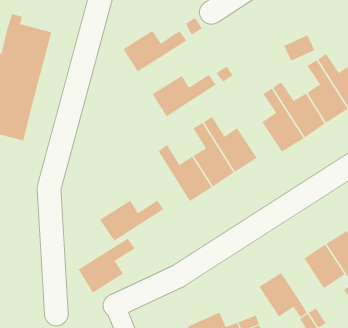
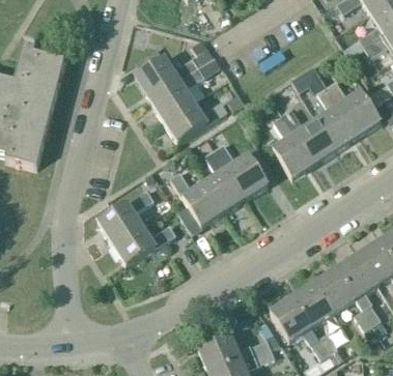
building: none -> [148,65,203,118]
building: [78,238,135,293] -> [96,187,153,242]
building: none -> [291,281,333,324]

